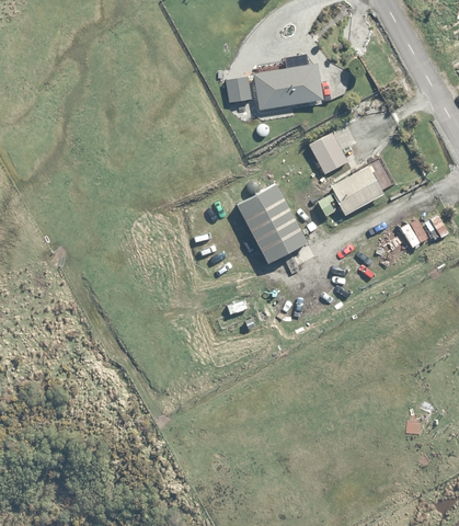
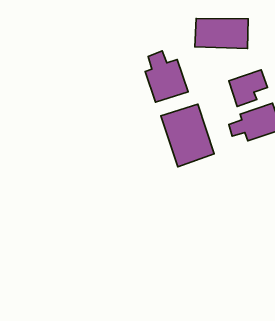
building: [226,76,254,103] -> none
building: none -> [145,51,188,102]

